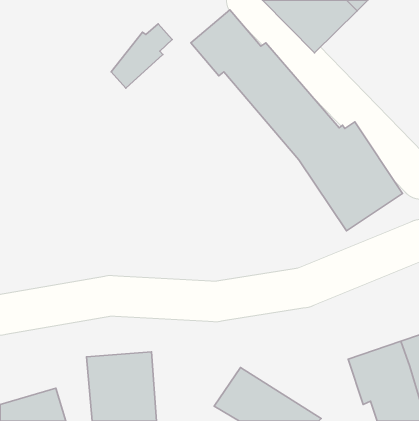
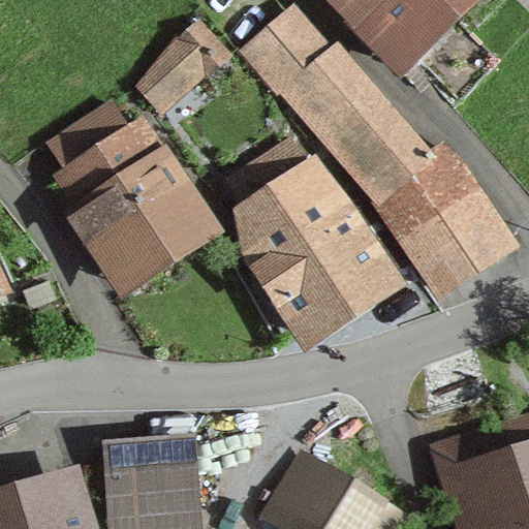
building: none -> [51,104,211,284]
building: none -> [230,145,391,336]

